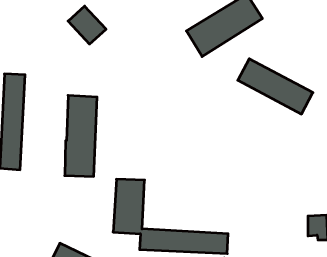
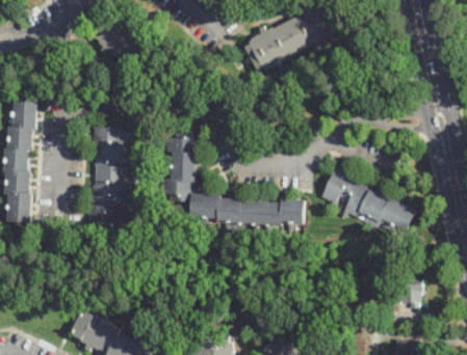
building: [238,59,313,114] -> [319,168,414,238]
building: [113,179,228,254] -> [159,133,304,226]

